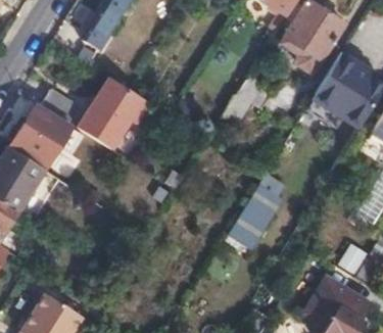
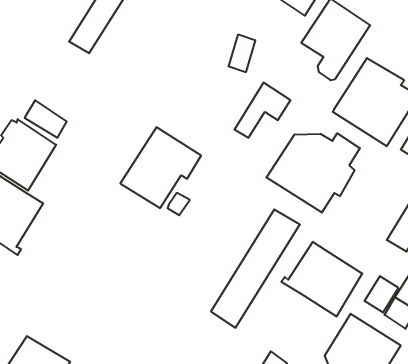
building: [80,78,150,148] -> [120,127,201,208]
building: none -> [266,133,360,213]
building: none -> [281,242,362,317]

